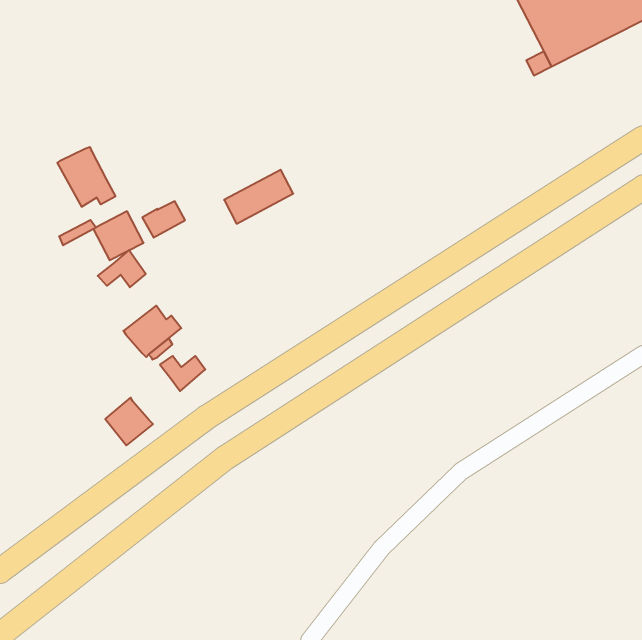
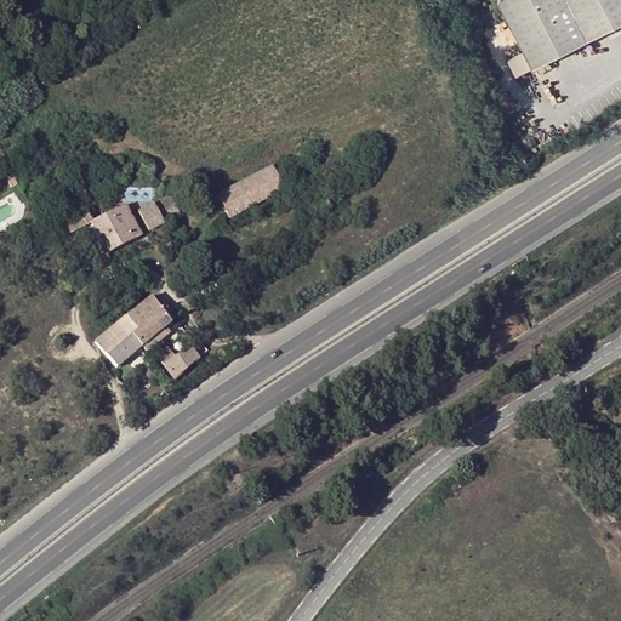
building: [57,147,115,207] -> none
building: [98,250,146,287] -> none
building: [105,398,153,445] -> [96,319,142,365]

